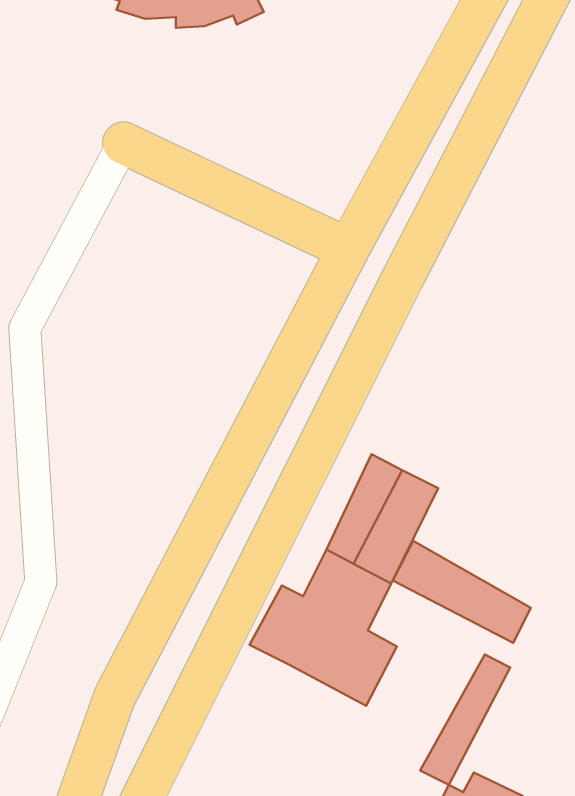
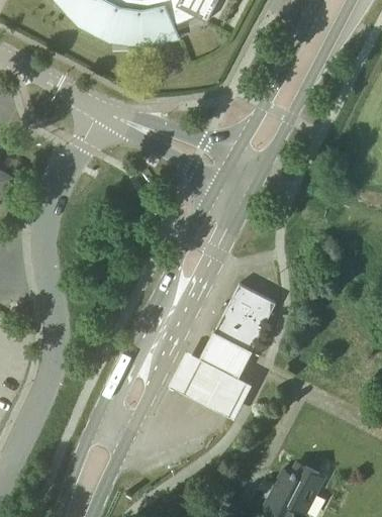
building: [393,541,531,643] -> none
building: [420,655,510,785] -> none

